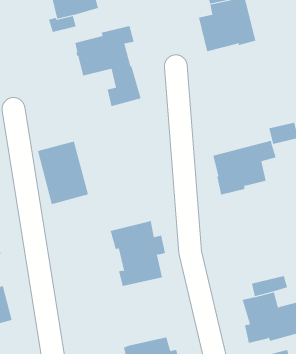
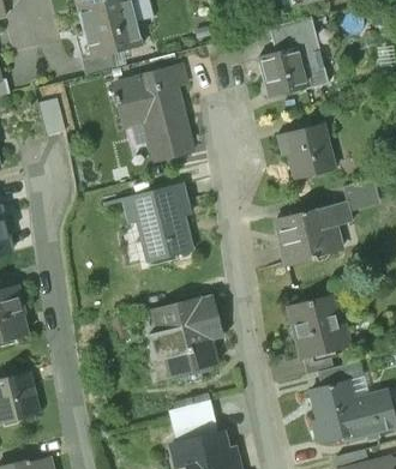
building: none -> [280,124,331,178]
building: [37,141,89,205] -> [131,190,192,265]
building: none -> [290,295,349,355]
building: none -> [168,398,218,443]

